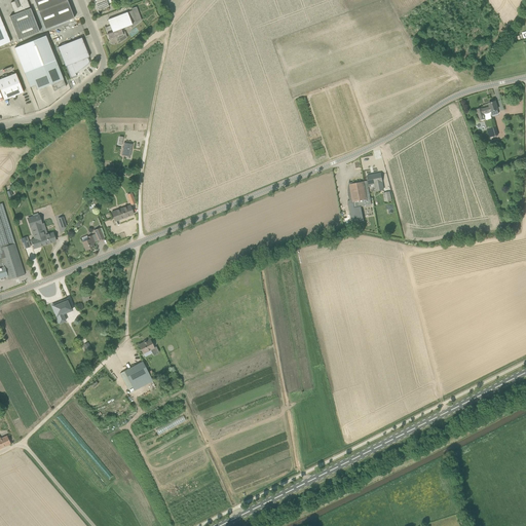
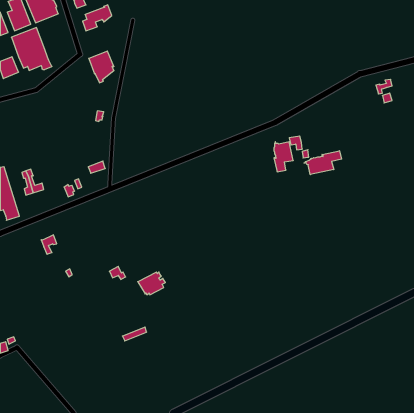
building: [58,37,89,77] -> [89,51,114,83]
building: none -> [304,151,342,175]
building: [119,361,154,389] -> [138,272,165,295]

